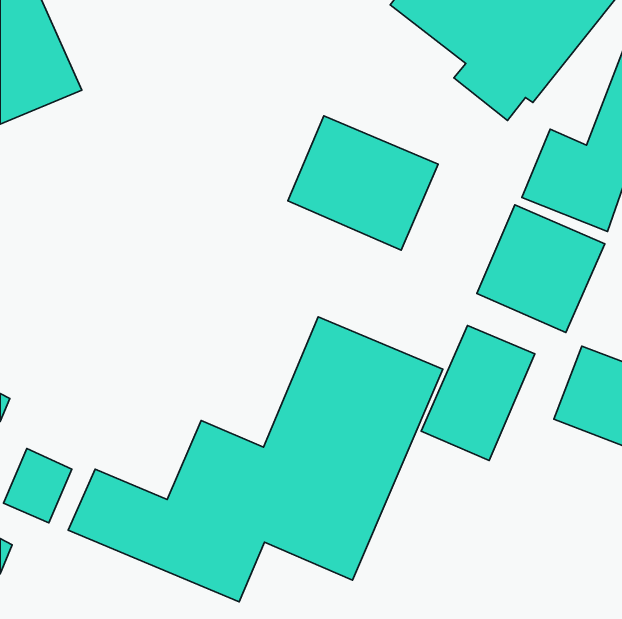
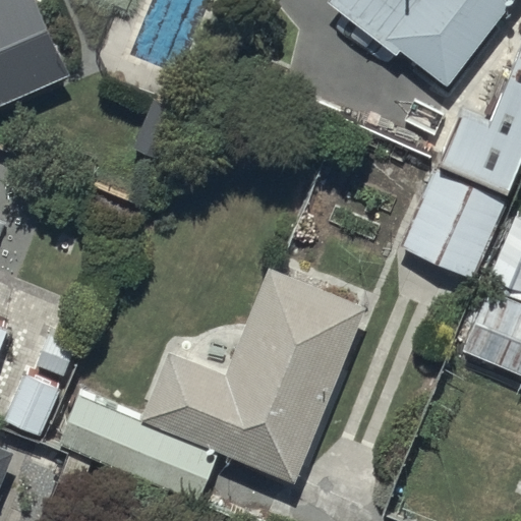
building: [288,116,438,250] -> none
building: [421,325,535,461] -> none

